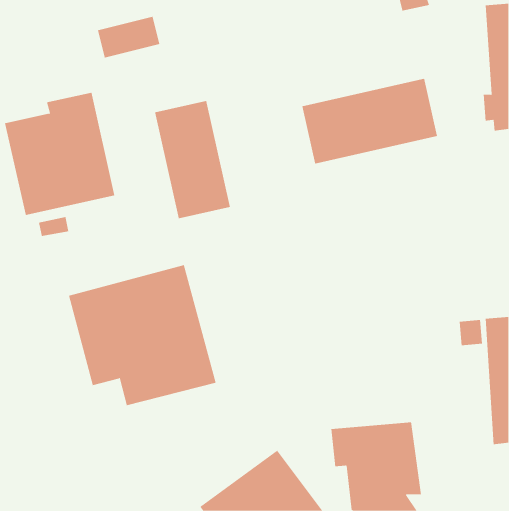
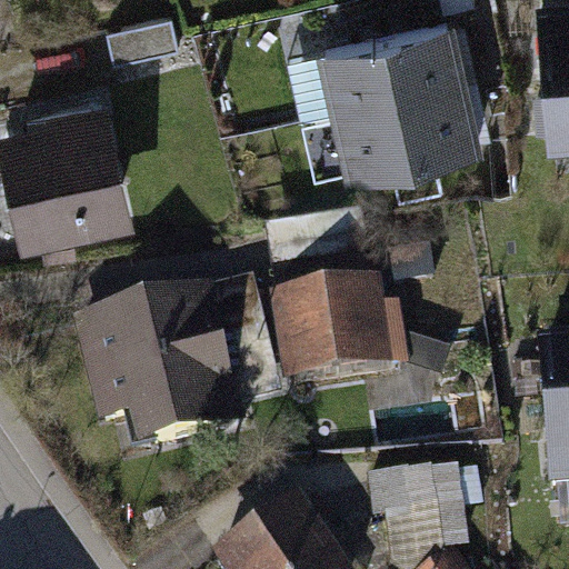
building: none -> [319,22,471,118]
building: [154,100,231,219] -> none
building: none -> [274,260,408,390]

